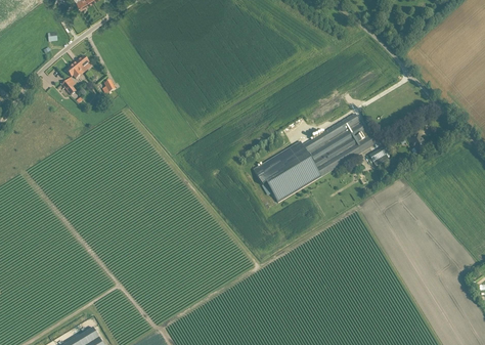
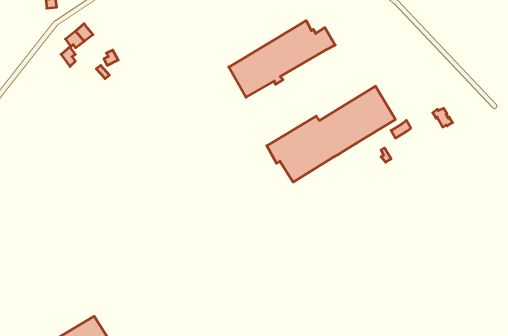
building: none -> [229,21,335,97]

